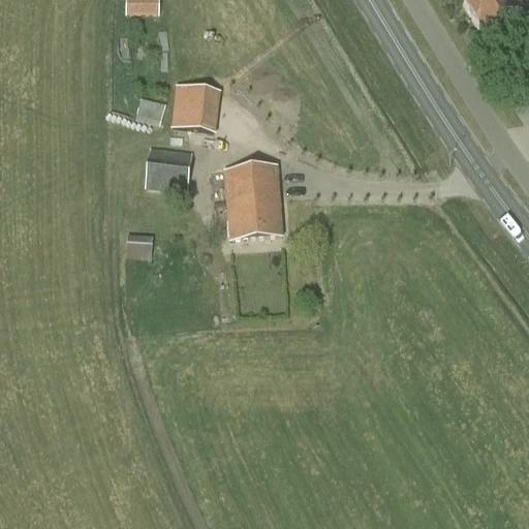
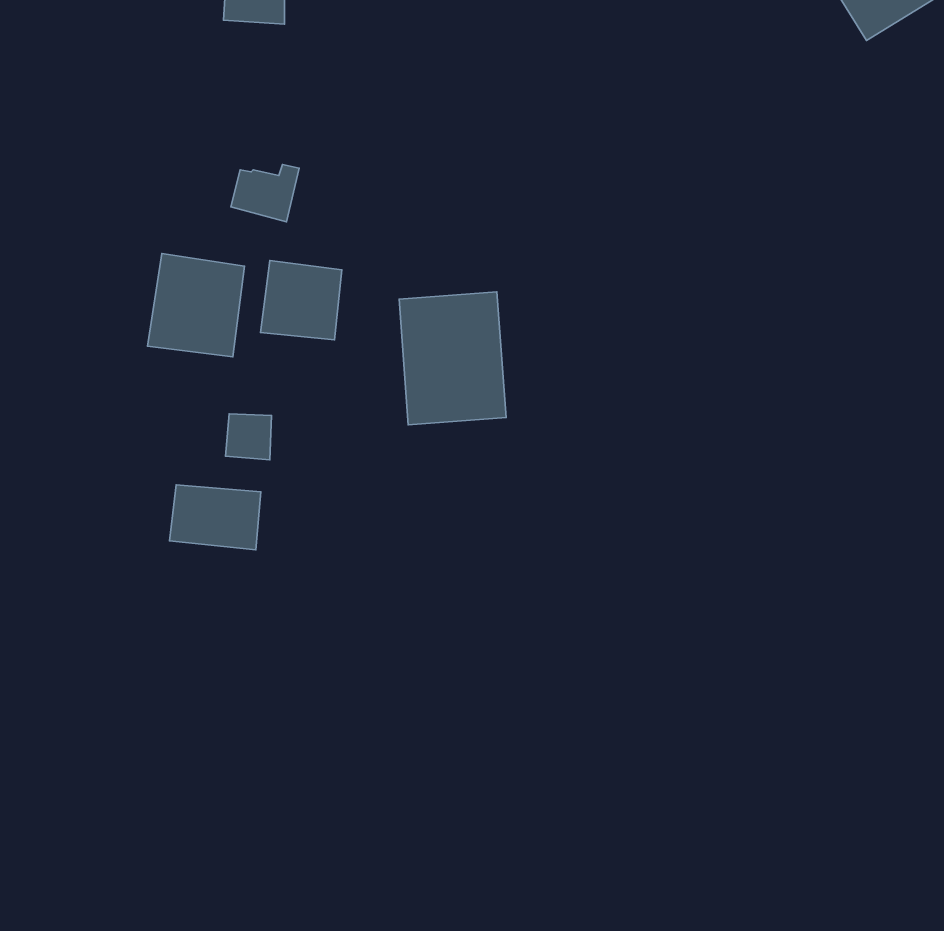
building: [174,84,218,129] -> none
building: none -> [148,254,244,357]
building: none -> [169,485,261,550]

